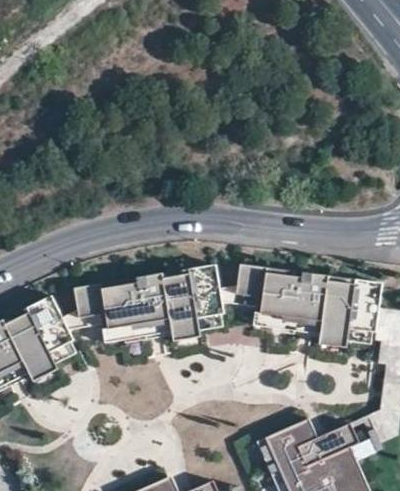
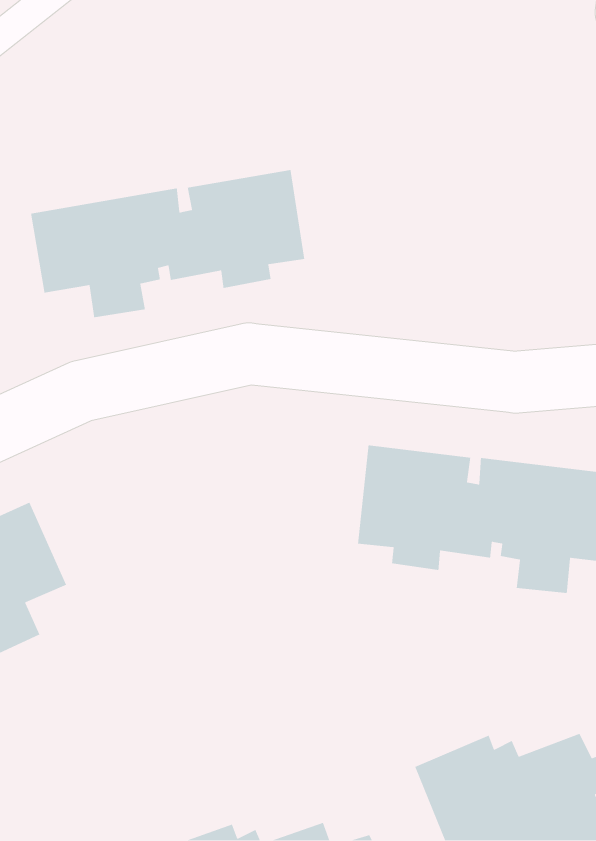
building: none -> [30,169,305,318]
building: [71,266,224,352] -> none

